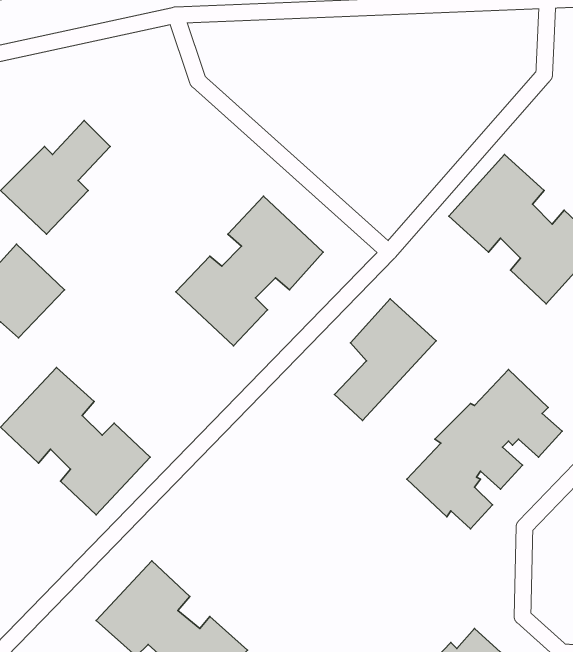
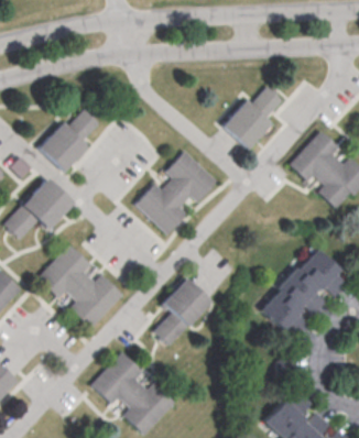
building: none -> [221,87,282,150]
building: [335,299,436,420] -> [153,280,209,347]

